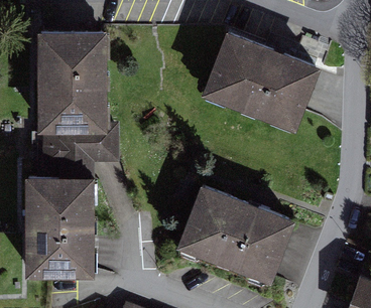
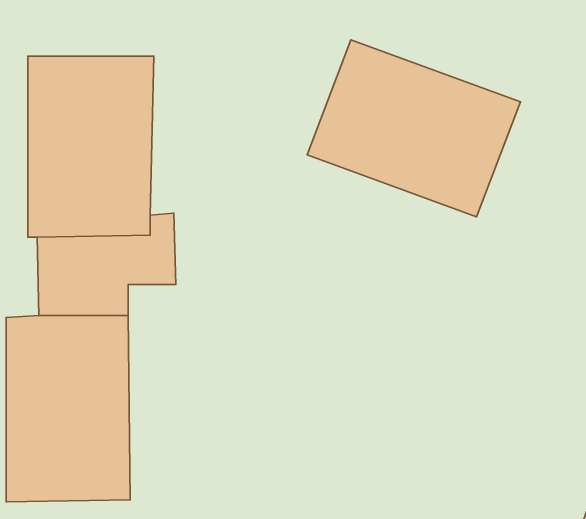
building: [170,182,289,280] -> none

